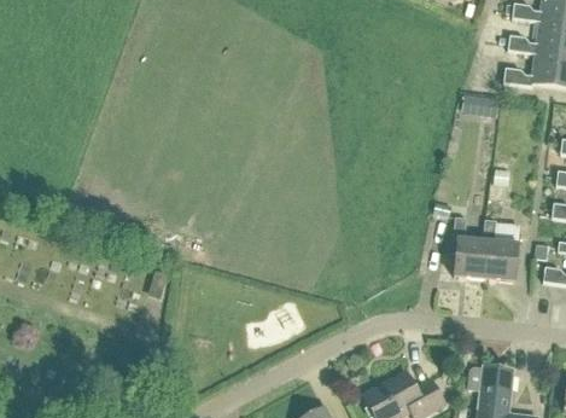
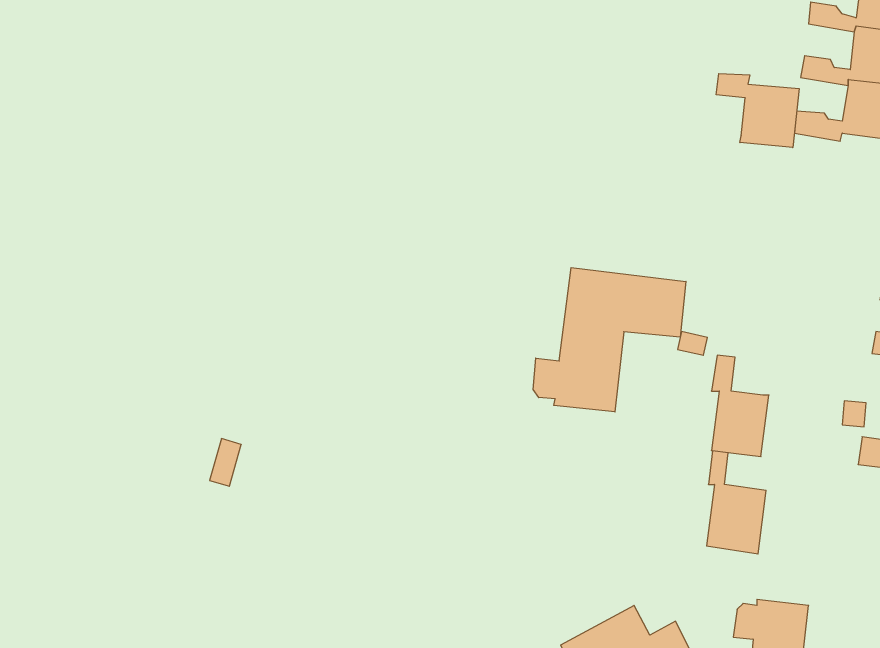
building: none -> [716,74,799,148]
building: none -> [533,268,686,412]
building: [484,221,520,284] -> [707,451,766,554]

